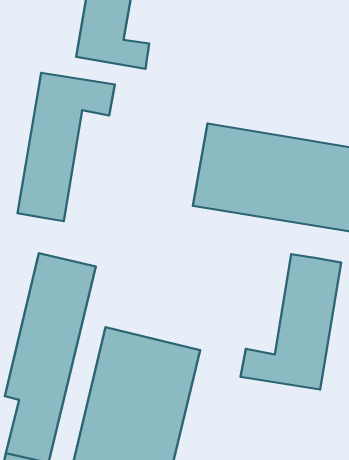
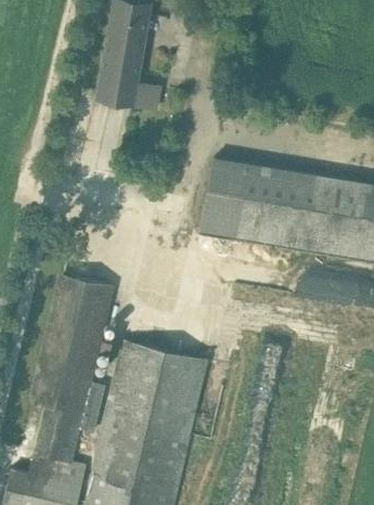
building: [17,73,115,221] -> none
building: [241,254,341,389] -> none

